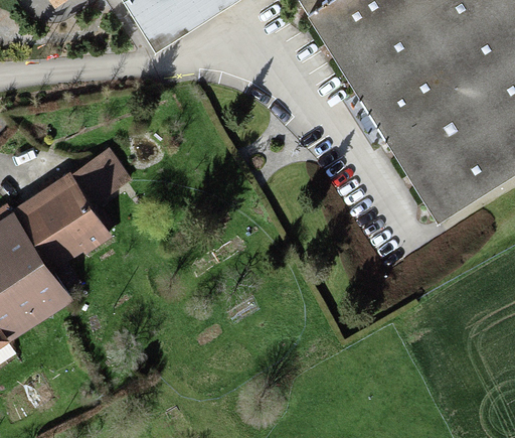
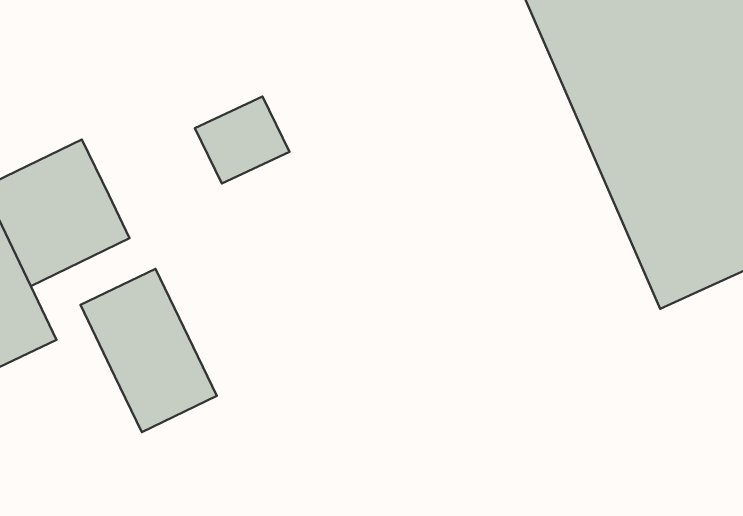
building: [64,148,126,206] -> [195,96,289,183]
building: none -> [80,269,217,432]

